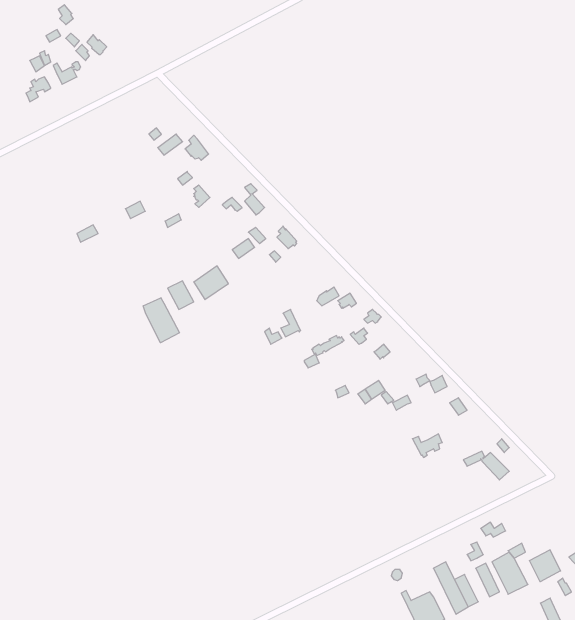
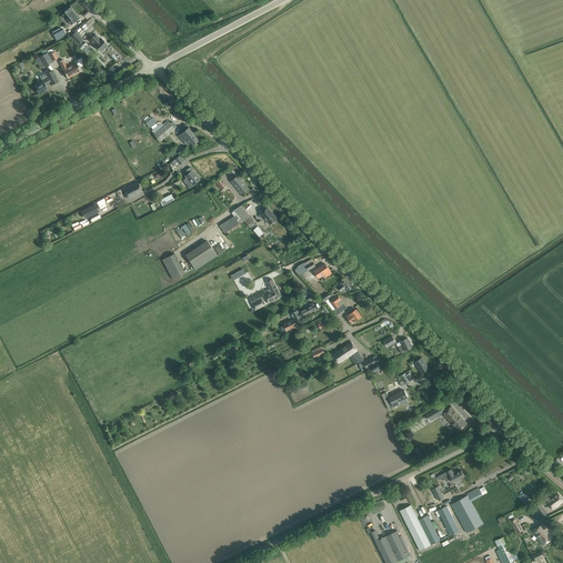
building: [143,298,179,343] -> none
building: [529,550,561,582] -> none

